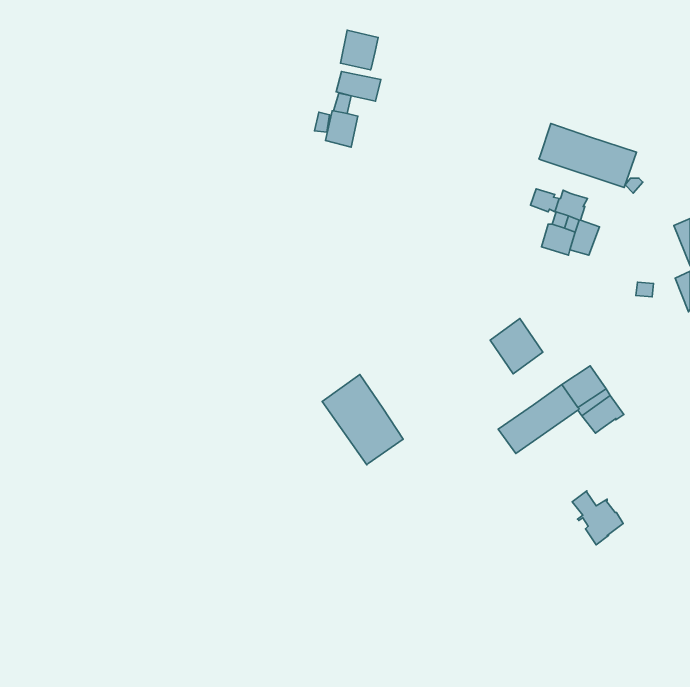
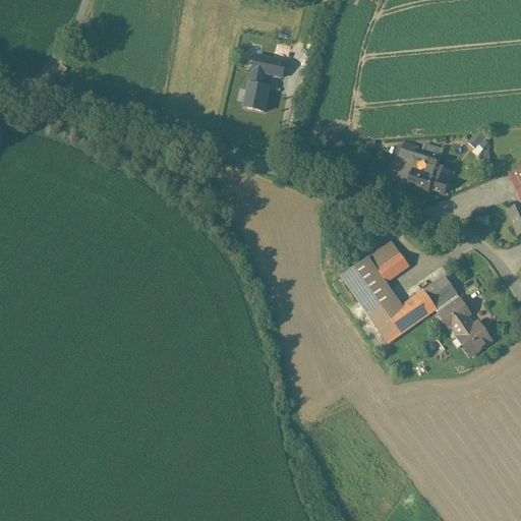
building: [341,30,378,70] -> none
building: [539,124,637,187] -> none
building: [322,375,403,465] -> [341,256,402,325]
building: [572,491,623,545] -> [453,315,491,356]

